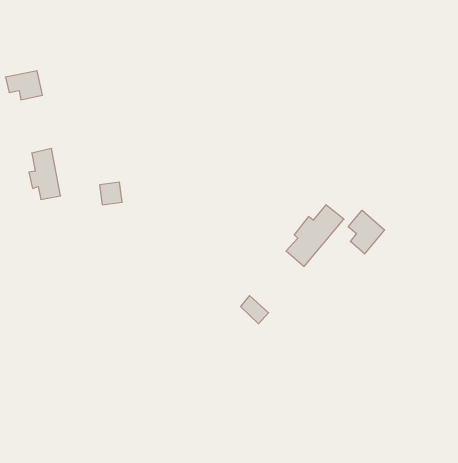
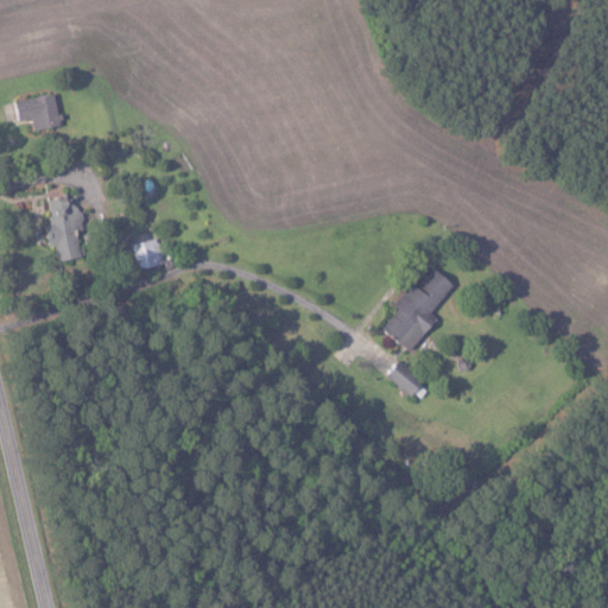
building: [348,210,385,254] -> none
building: [241,296,269,324] -> [387,360,424,397]

